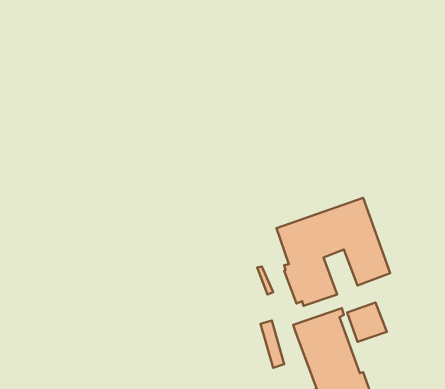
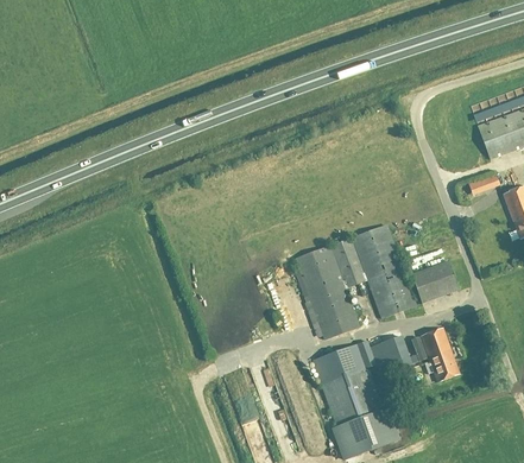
building: none -> [411,258,456,296]
building: none -> [421,328,457,381]

